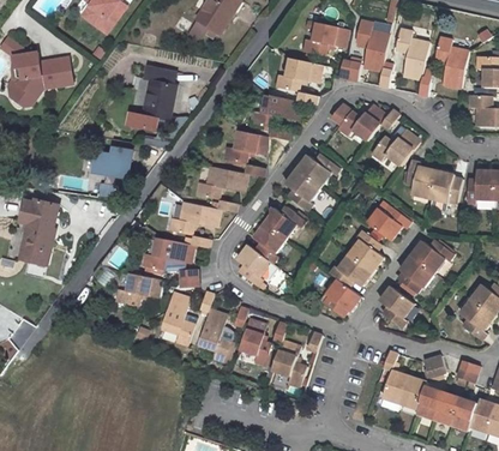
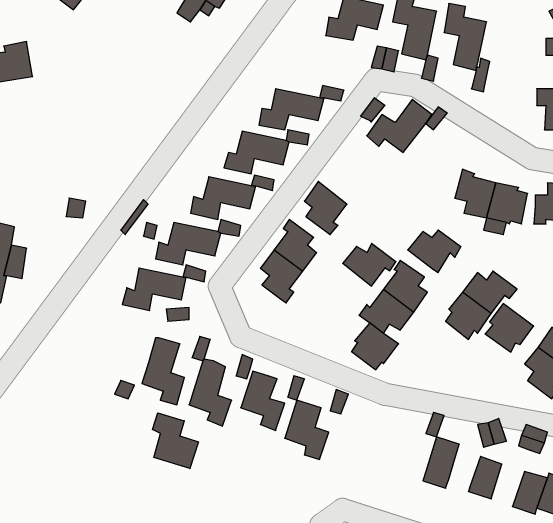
building: [437,36,469,89] -> none
building: [277,59,329,92] -> none
building: [126,66,176,130] -> none
building: [368,128,421,170] -> none
building: [94,146,133,176] -> none
building: [297,152,339,186] -> [343,243,396,286]
building: [235,243,269,285] -> none
building: [114,271,160,305] -> none
building: [377,285,415,324] -> [485,304,534,352]
building: none -> [153,413,198,469]
building: [401,375,427,409] -> none
building: [434,391,461,425] -> none

